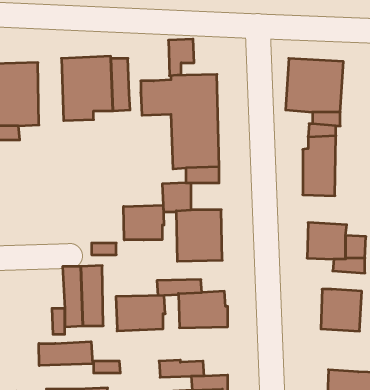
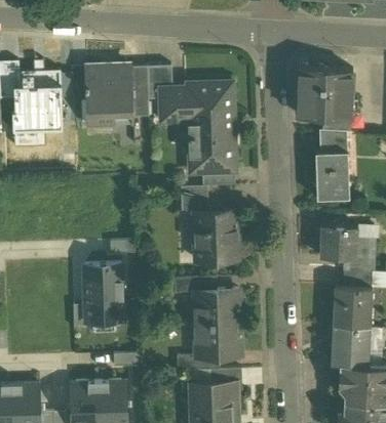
building: [168,39,194,76] -> [147,66,171,100]
building: [124,205,164,240] -> none
building: none -> [342,269,374,289]
building: [116,295,165,331] -> [196,323,243,356]
building: none -> [330,325,369,366]
building: [39,342,93,366] -> none

